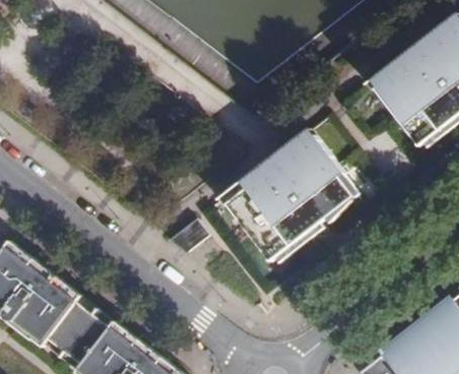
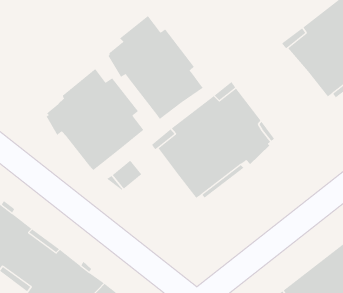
building: none -> [108,15,203,120]
building: none -> [46,68,144,171]

